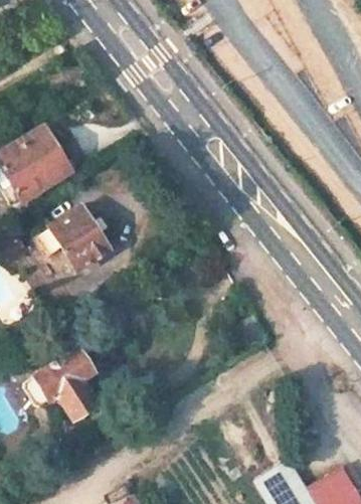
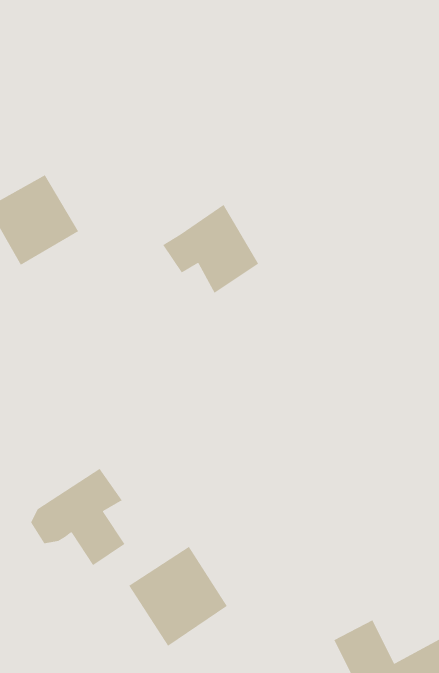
building: [38,204,110,271] -> [162,204,259,294]
building: none -> [128,546,228,647]

